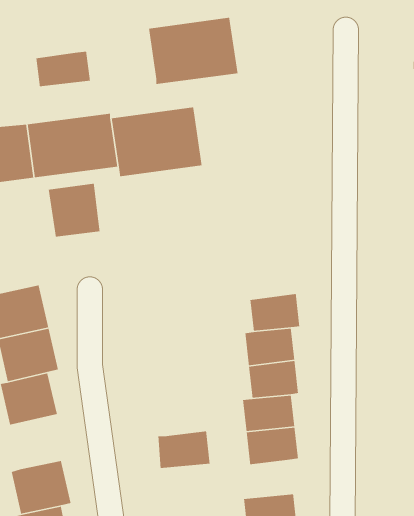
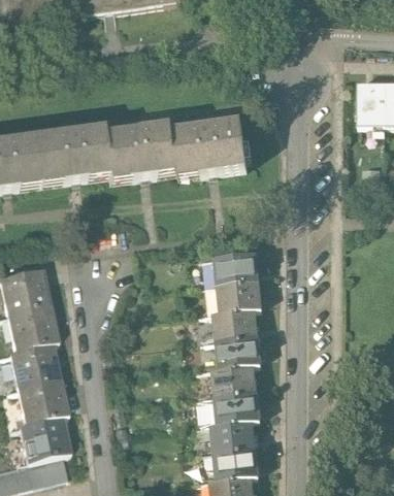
building: [148,17,238,85] -> [173,118,249,174]
building: [35,51,91,87] -> none
building: [48,183,101,238] -> none
building: none -> [216,249,258,280]
building: none -> [19,376,67,422]
building: [157,431,211,469] -> [211,415,256,447]

